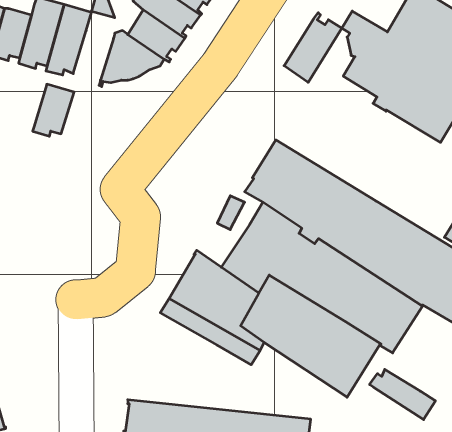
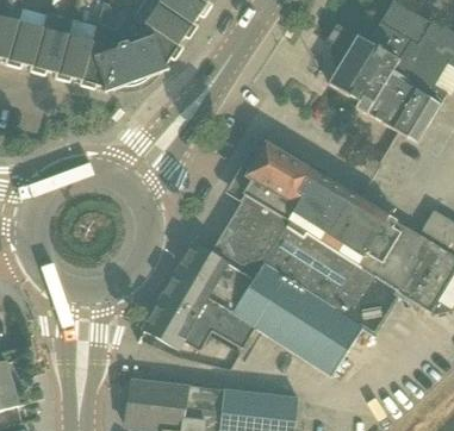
building: [284,13,342,82] -> none
building: [33,84,74,136] -> [77,40,116,88]
building: none -> [142,299,211,350]
building: [370,369,435,420] -> none

